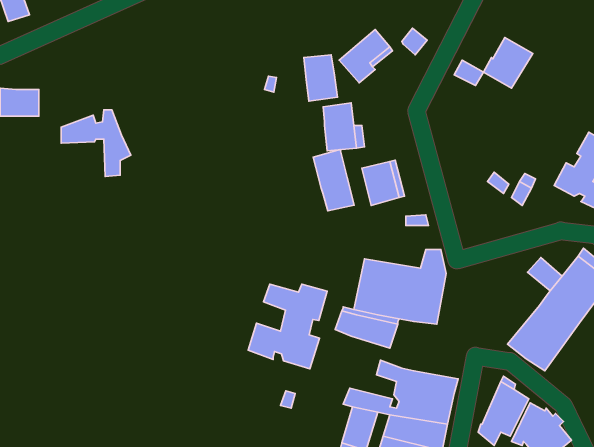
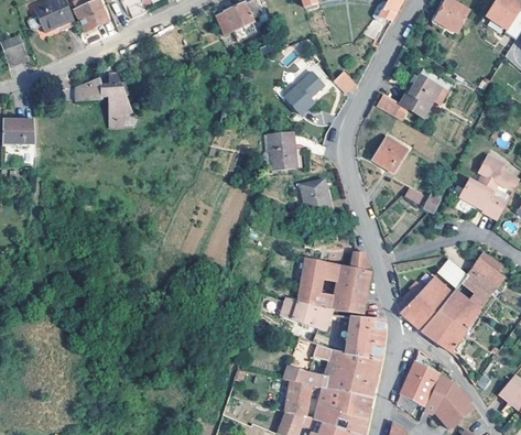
building: [304,55,337,101] -> none
building: [61,110,131,177] -> [75,73,132,128]
building: none -> [372,138,408,174]
building: [313,150,354,211] -> none
building: none -> [398,274,453,329]
building: [248,284,327,369] -> none
building: none -> [344,316,386,358]

